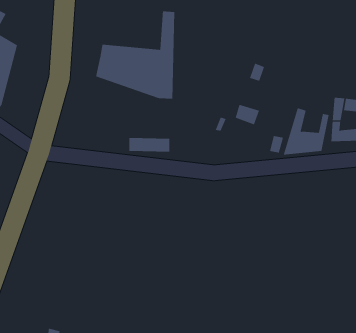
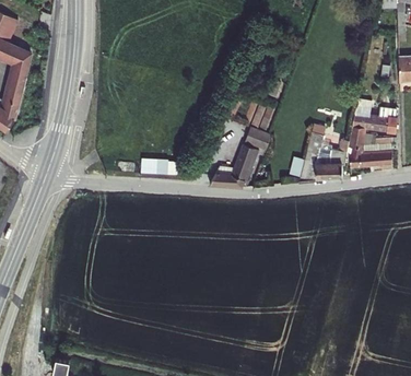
building: [95,11,175,100] -> none
building: none -> [218,138,263,180]

